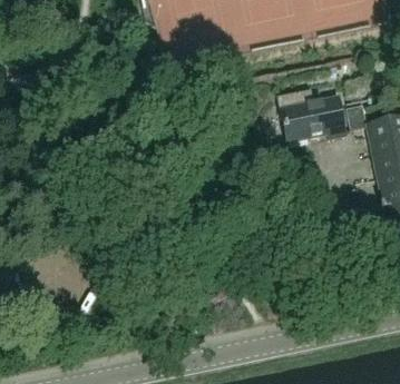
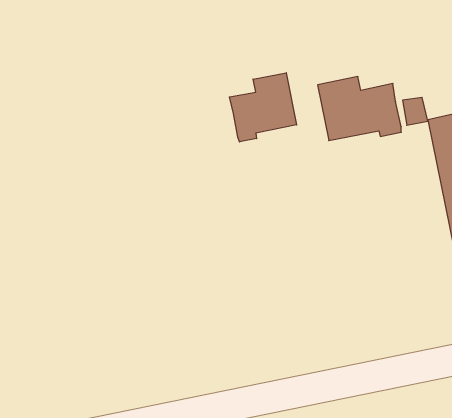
building: none -> [229,73,297,142]

